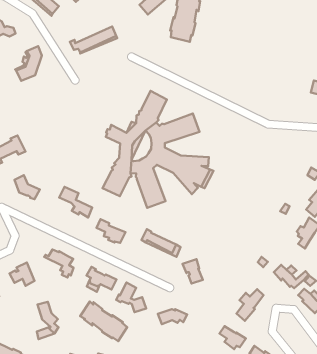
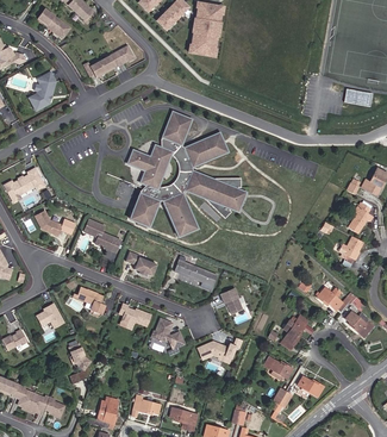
building: [80,302,127,341] -> none

